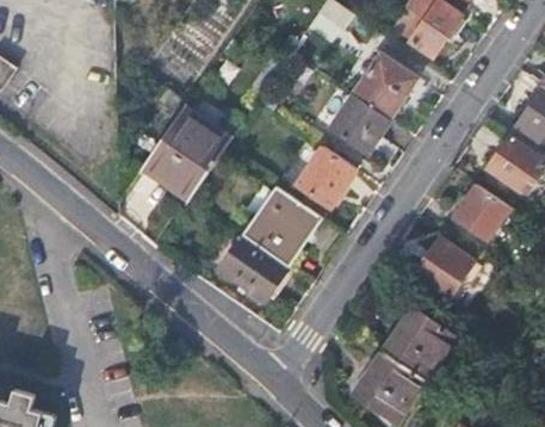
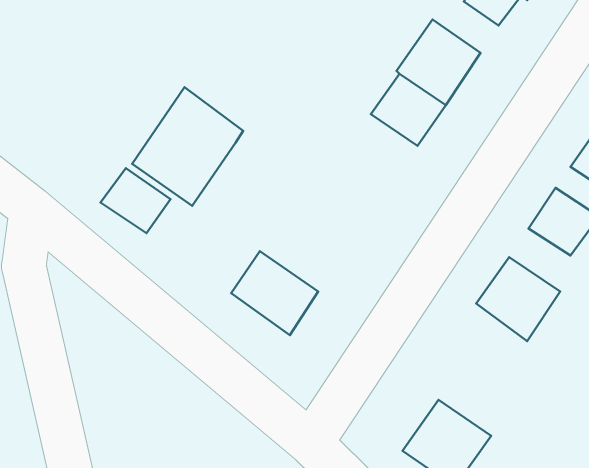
building: [297,144,355,205] -> none
building: none -> [101,168,170,233]
building: [241,186,322,267] -> none
building: [382,309,454,382] -> none

